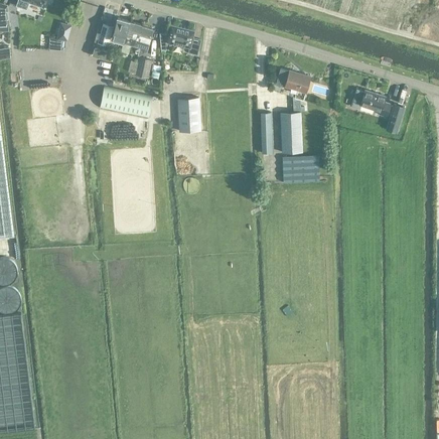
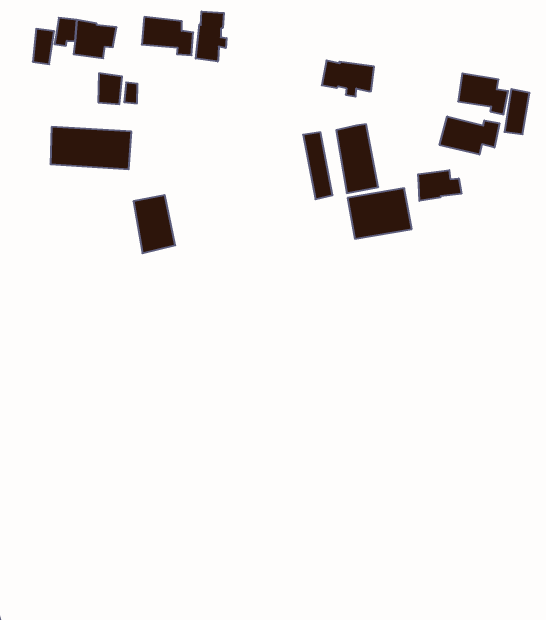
building: none -> [196,11,227,62]
building: [177,98,199,132] -> [133,195,175,253]
building: none -> [440,116,499,155]
building: none -> [418,170,461,201]

